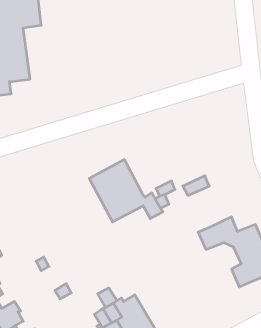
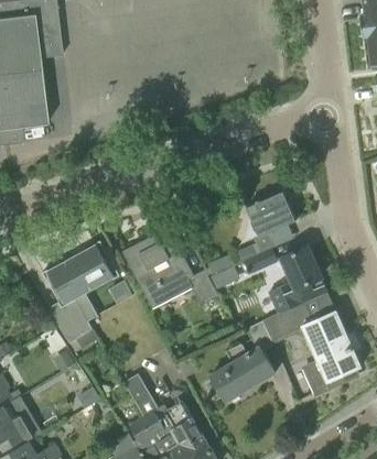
building: none -> [246,192,295,251]
building: none -> [43,242,118,342]
building: none -> [268,247,326,315]
building: none -> [209,321,274,402]

